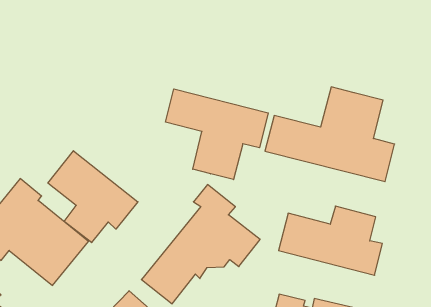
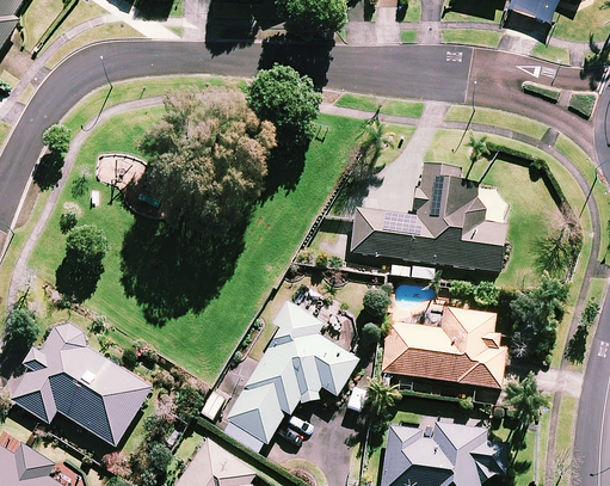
building: [166,89,268,180] -> none
building: [48,151,138,243] -> none

